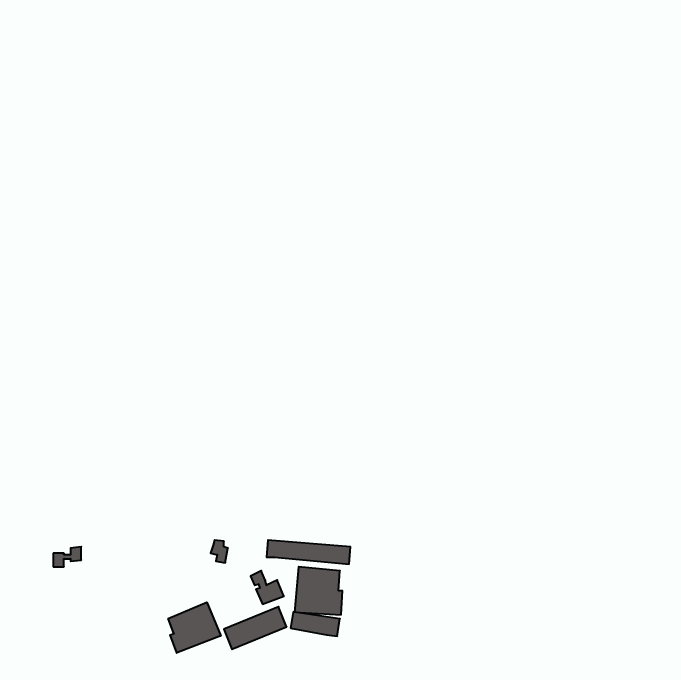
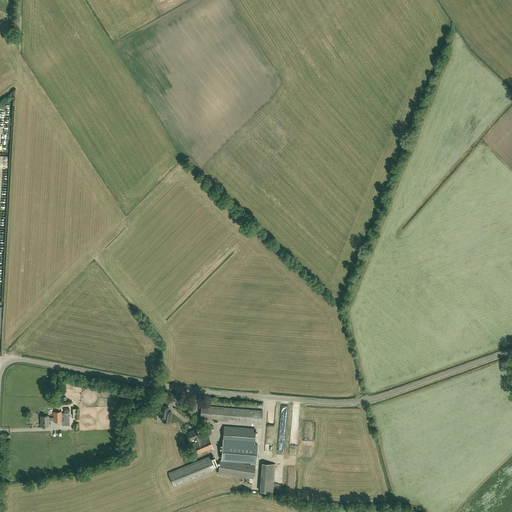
building: [168,602,221,653] -> none
building: none -> [261,462,276,491]

